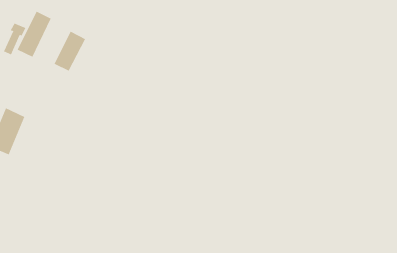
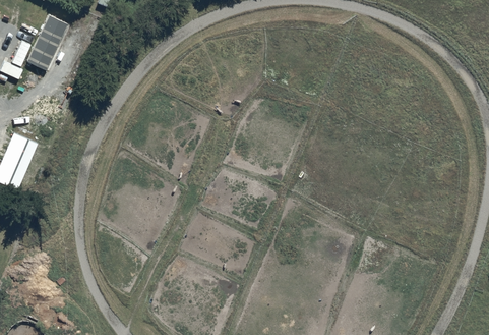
building: [54,31,86,71] -> none

